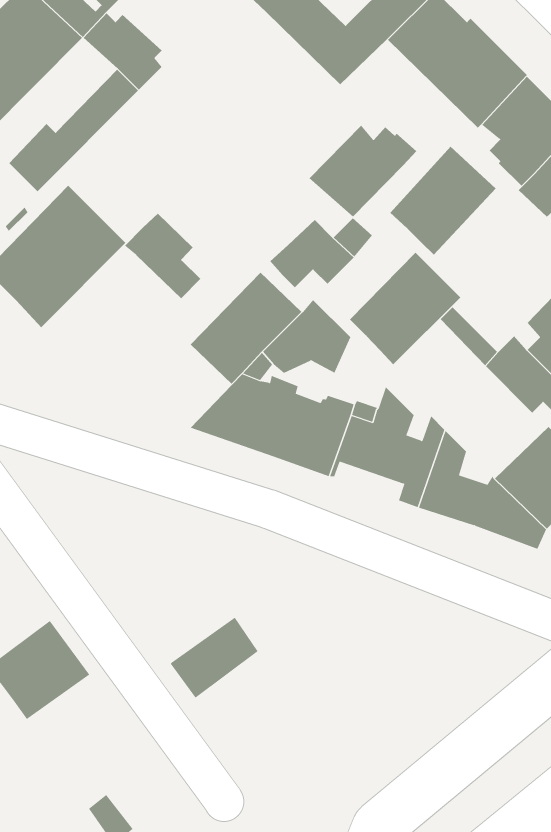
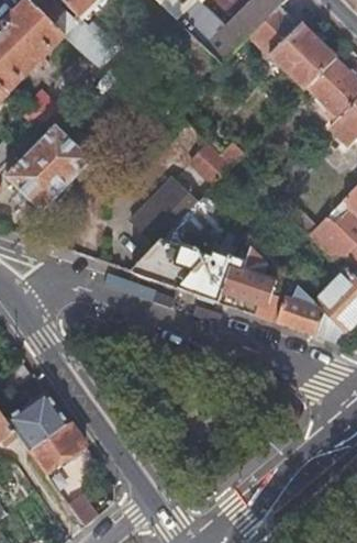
building: [309,125,417,217] -> none
building: [390,146,496,256] -> none
building: [124,213,201,299] -> none
building: [349,252,461,365] -> none
building: [170,617,259,698] -> [30,421,83,470]

